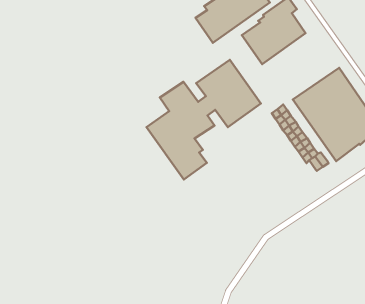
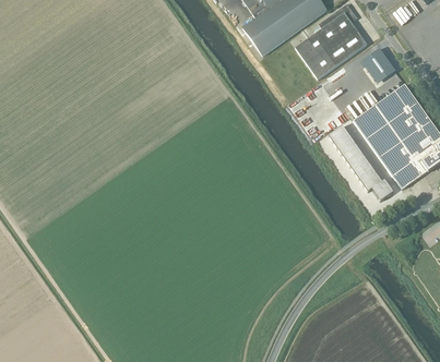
building: none -> [362,47,393,79]
building: [147,60,261,179] -> none

